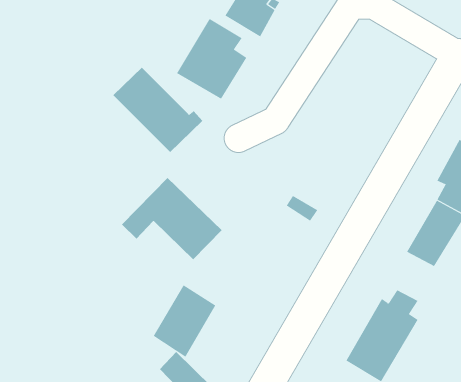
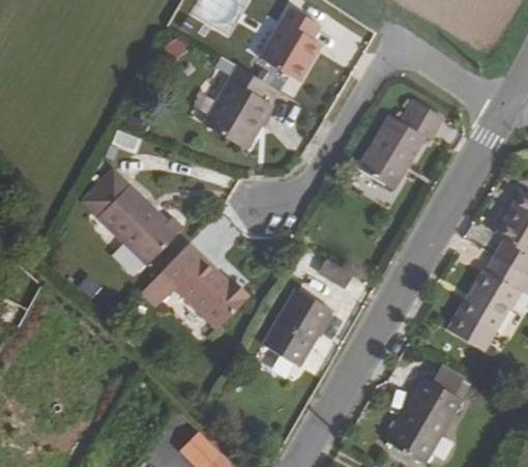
building: none -> [360,101,445,192]
building: [112,67,203,153] -> [86,171,185,265]
building: [153,285,216,357] -> [263,289,332,369]

